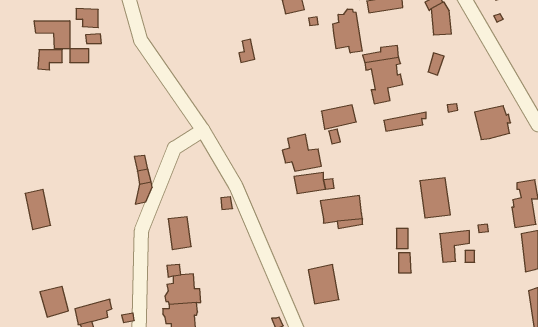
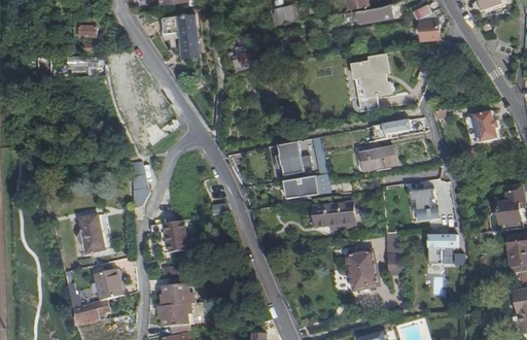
building: none -> [163,13,199,58]
building: [333,9,362,53] -> none
building: [34,21,70,49] -> none
building: [321,105,356,129] -> [361,147,395,171]
building: [25,189,51,230] -> [79,214,104,253]
building: [308,265,339,304] -> [348,251,378,290]
building: [40,286,68,317] -> [94,271,121,301]

